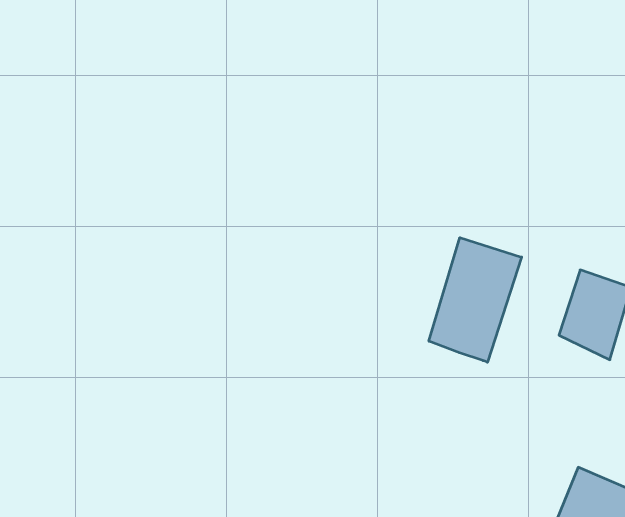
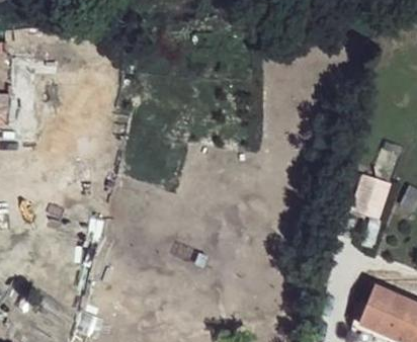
building: [429,238,522,362] -> none

